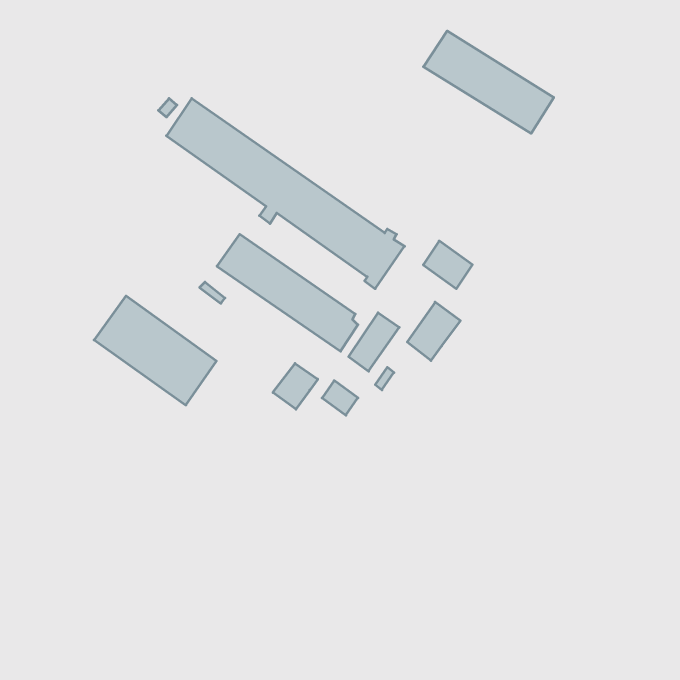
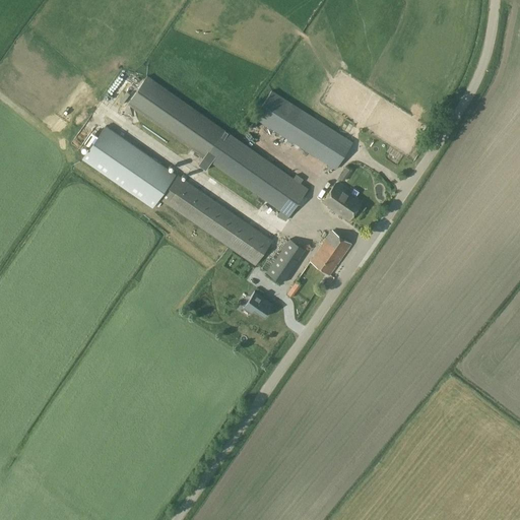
building: [423,31,554,133] -> [254,91,353,170]
building: [94,296,216,405] -> [81,125,175,208]
building: [273,363,318,409] -> none

